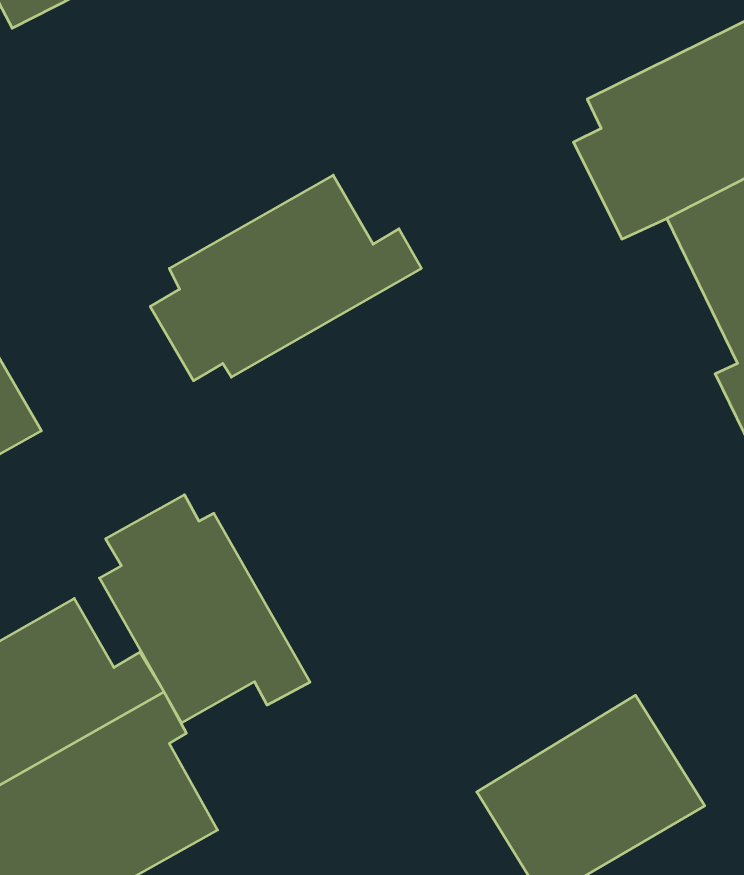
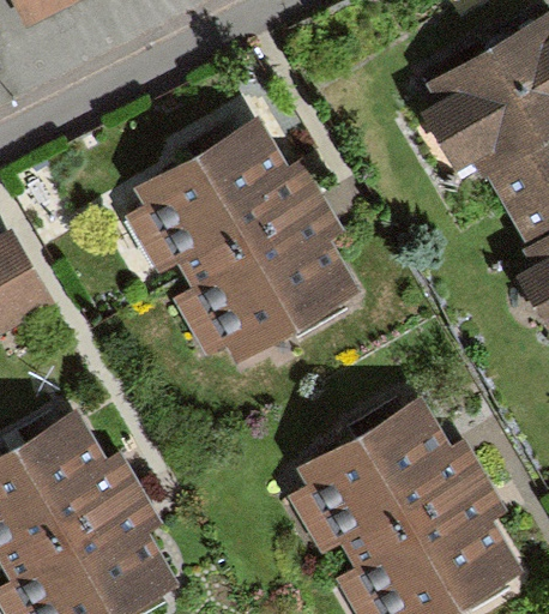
building: none -> [173,191,354,356]
building: [99,495,310,723] -> none
building: none -> [308,410,464,554]

